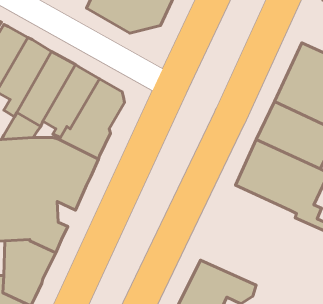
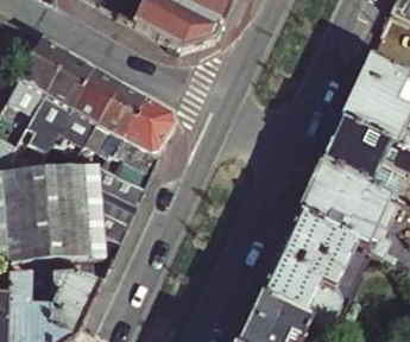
building: none -> [259,209,357,318]

